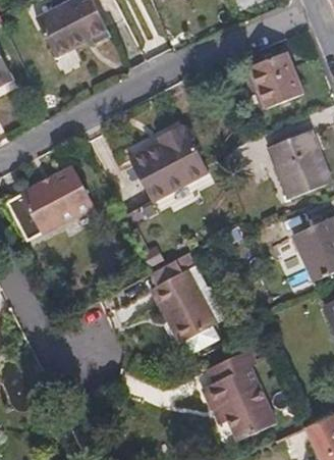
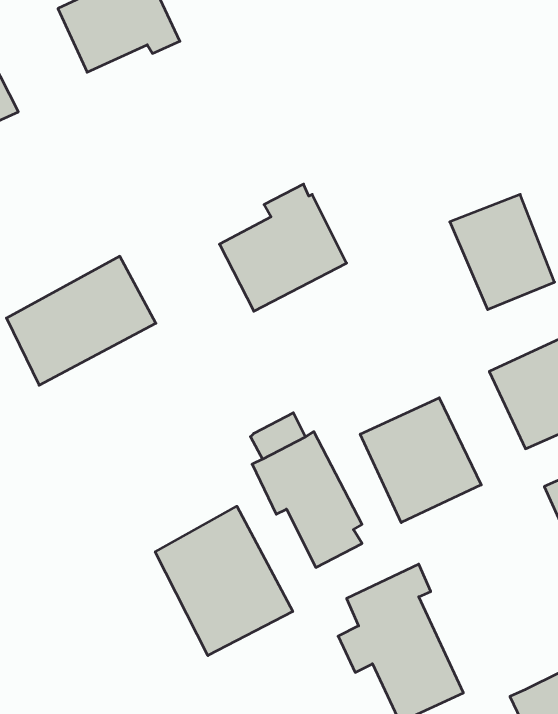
building: [249,51,302,107] -> none
building: none -> [360,398,481,523]
building: none -> [155,506,293,656]

